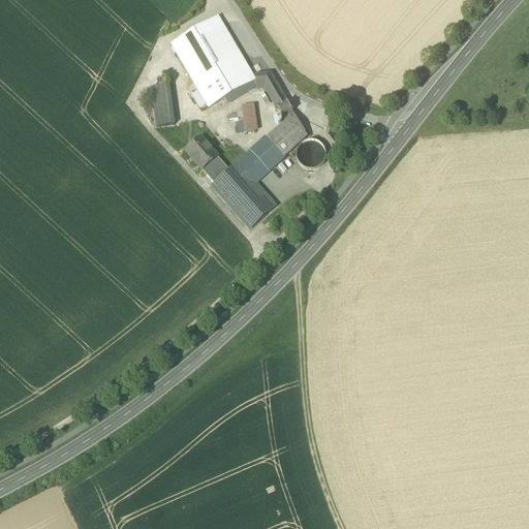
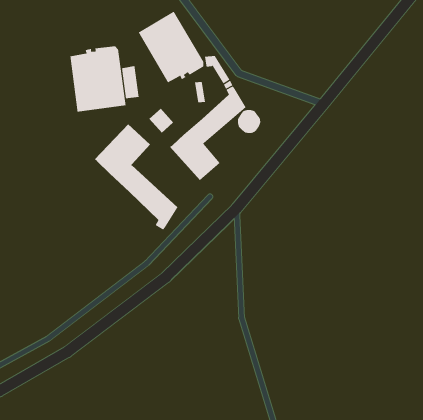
building: none -> [70,46,126,112]
building: [201,153,228,181] -> none
building: none -> [94,123,178,230]

